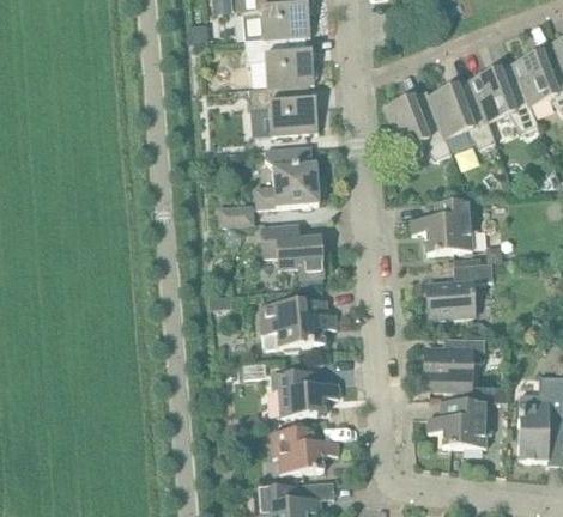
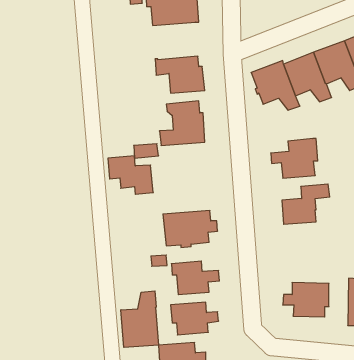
building: [246,36,317,89] -> none
building: [261,224,325,278] -> [108,156,153,194]
building: [425,342,483,388] -> none
building: none -> [121,291,159,347]

